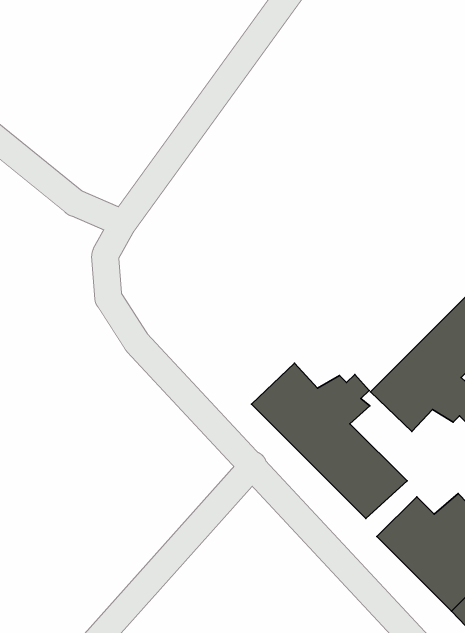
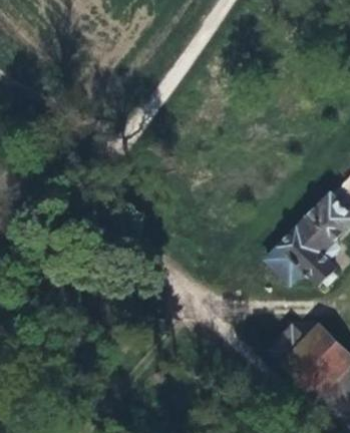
building: [252,363,407,518] -> none

